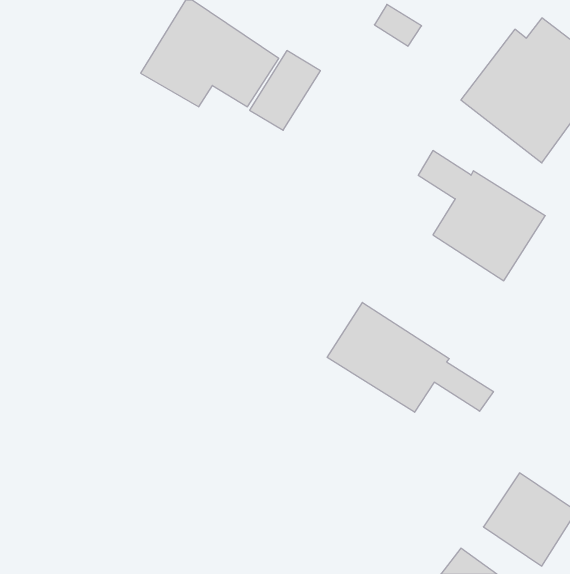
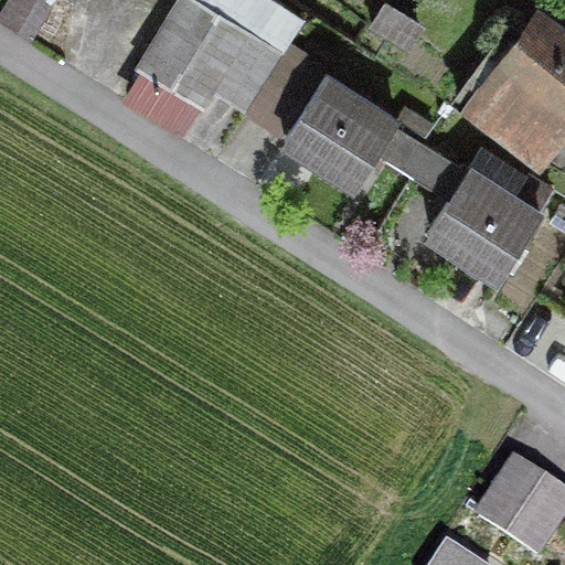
building: none -> [285,75,429,183]
building: [327,302,493,412] -> none

